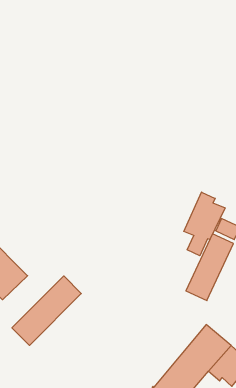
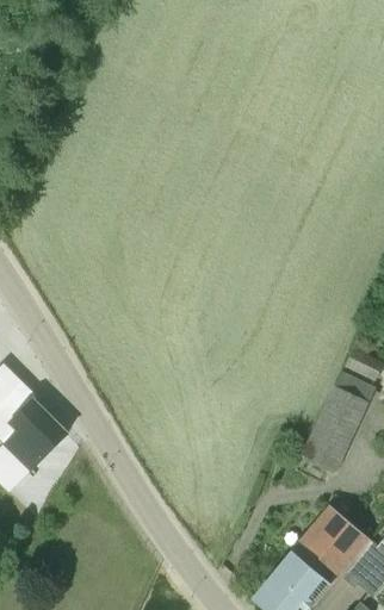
building: [184,192,225,256] -> none
building: [12,276,81,345] -> none

